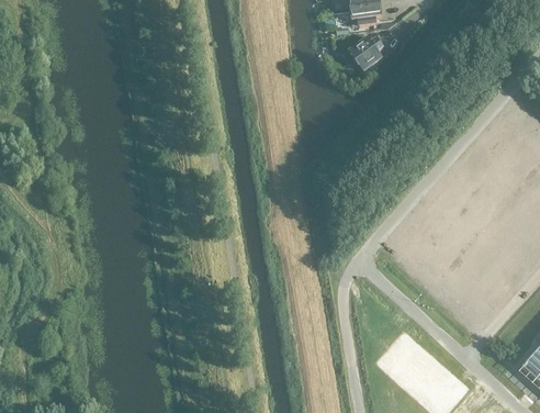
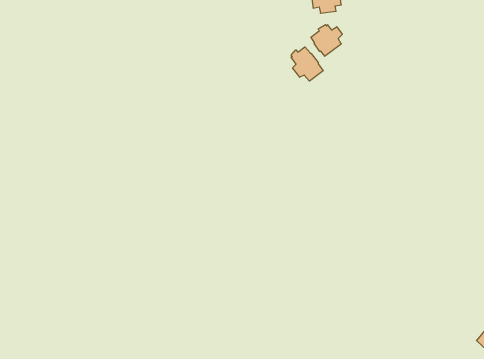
building: none -> [291,47,323,81]

